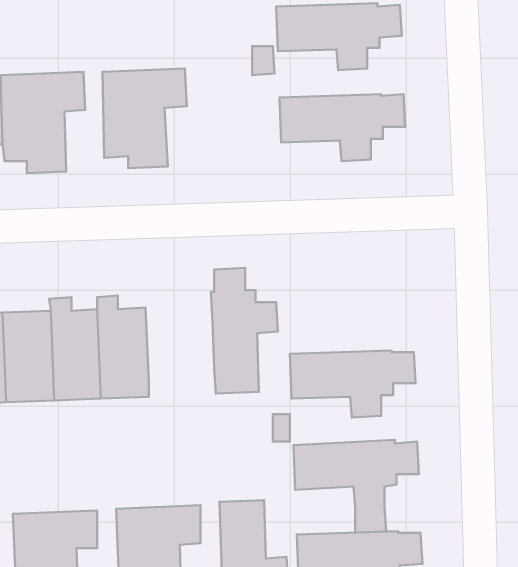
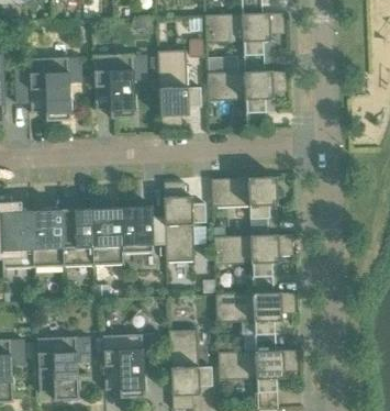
building: none -> [157,49,201,130]
building: none -> [211,176,277,219]
building: none -> [121,197,165,254]

